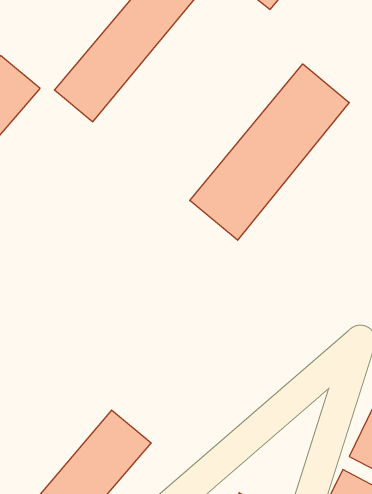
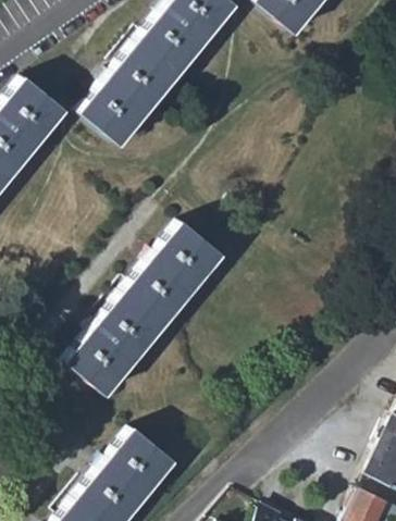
building: [190,64,349,240] -> none
building: none -> [64,223,223,394]

